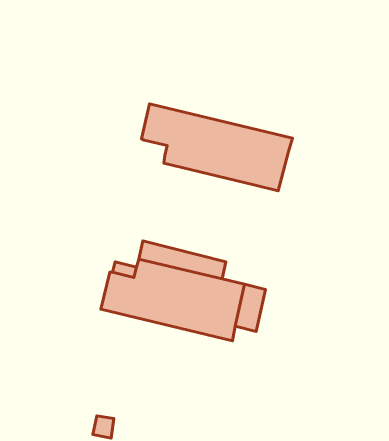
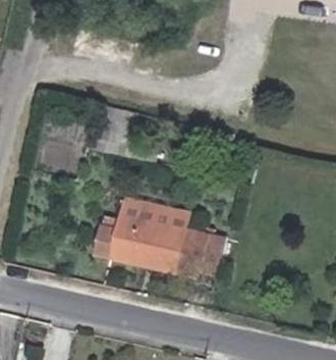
building: [142,104,293,191] -> none

